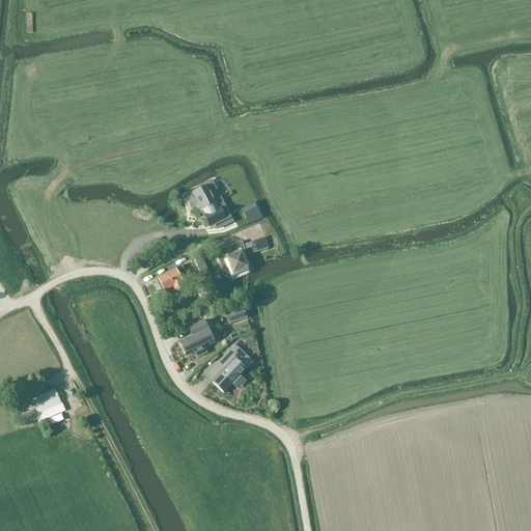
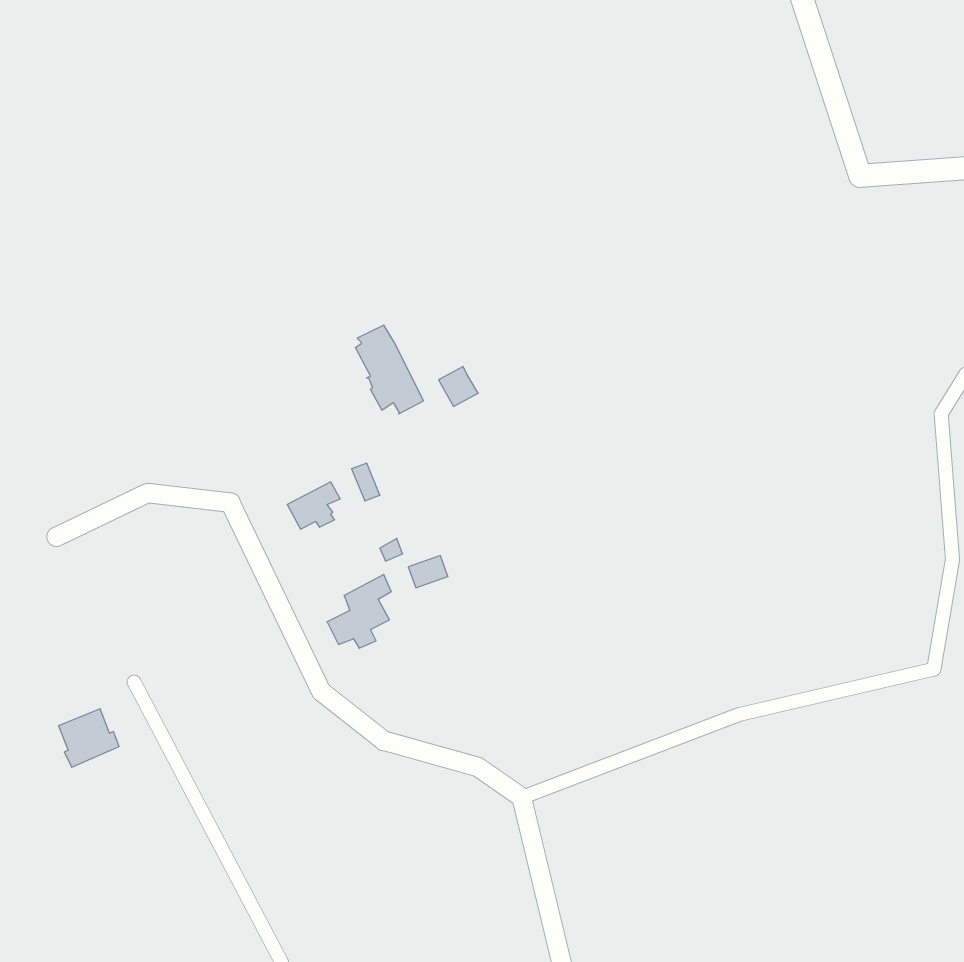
building: [218,239,261,272] -> none
building: [213,342,254,392] -> none

